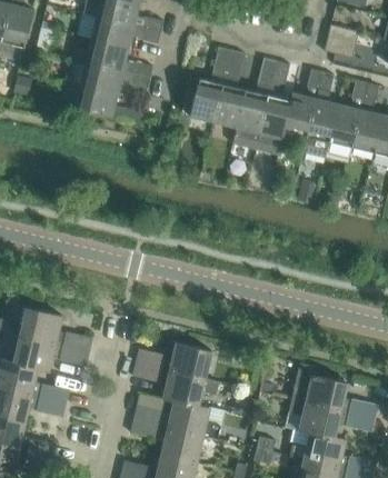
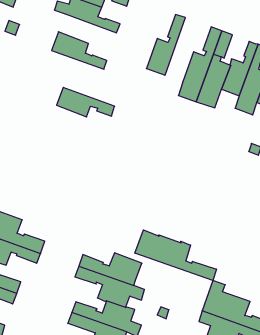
building: [215,49,246,127] -> none
building: [80,61,150,93] -> [57,87,115,117]
building: none -> [135,230,216,281]

